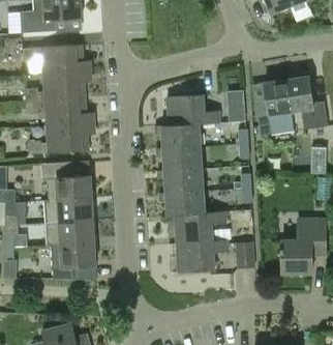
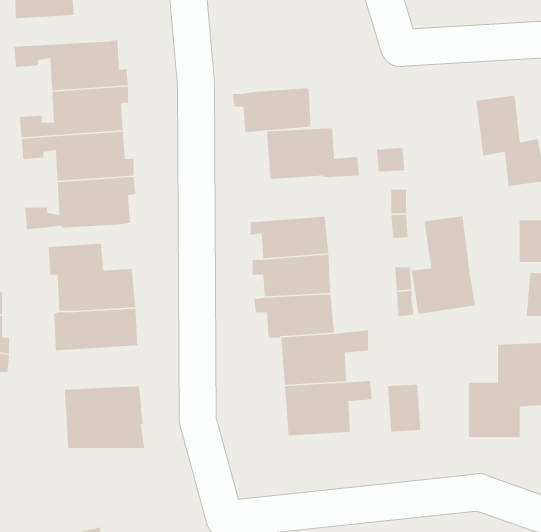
building: [256,79,294,136] -> [411,216,476,315]
building: [155,122,201,148] -> [232,88,311,133]
building: [46,220,94,247] -> none

